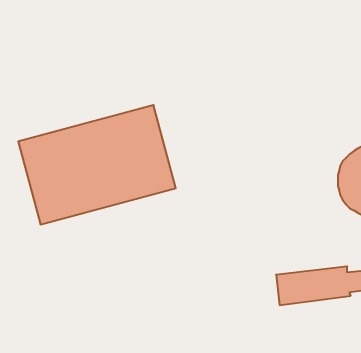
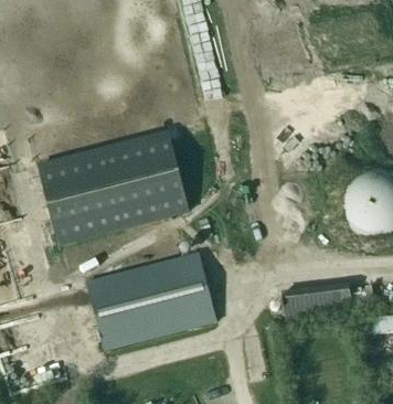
building: none -> [86,252,216,349]

